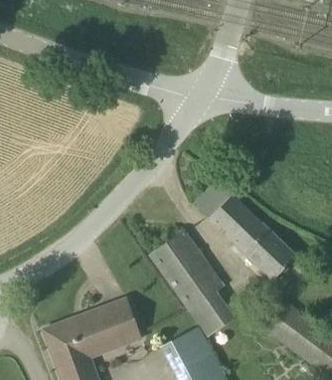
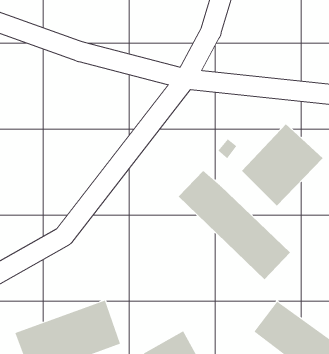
building: none -> [241,123,323,207]
building: [150,230,235,335] -> none

